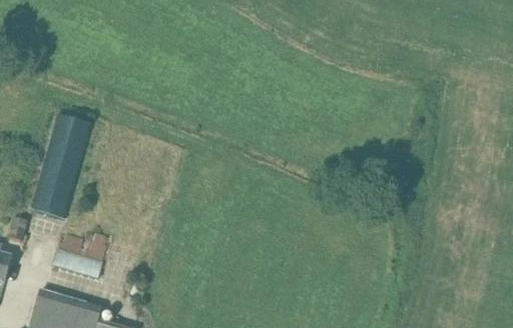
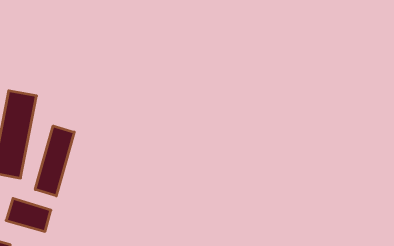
building: none -> [35,126,74,196]

